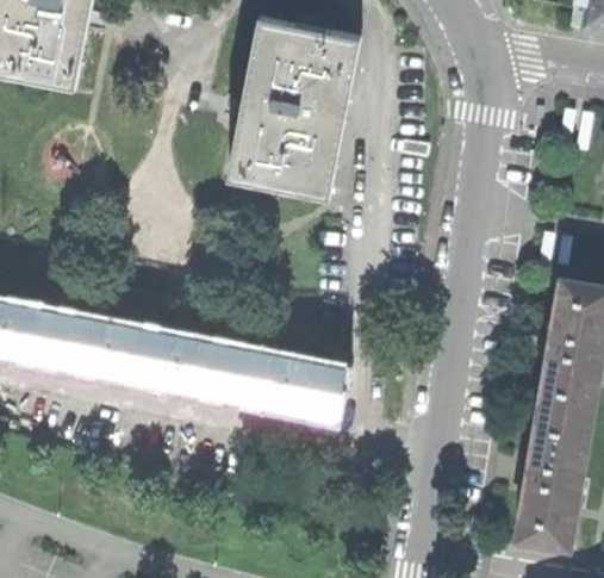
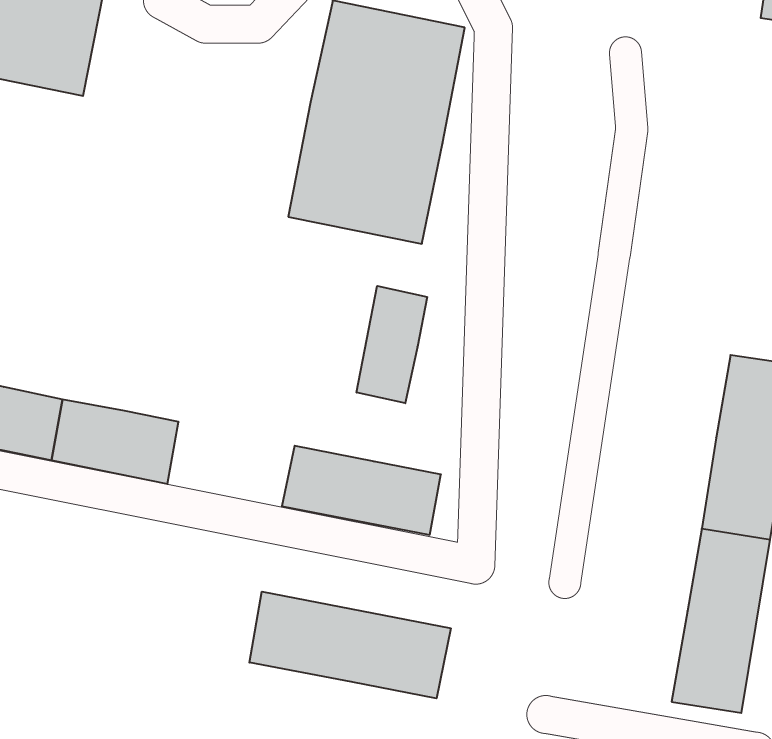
building: none -> [357,286,427,403]
building: [137,334,232,397] -> none
building: none -> [249,592,451,698]

